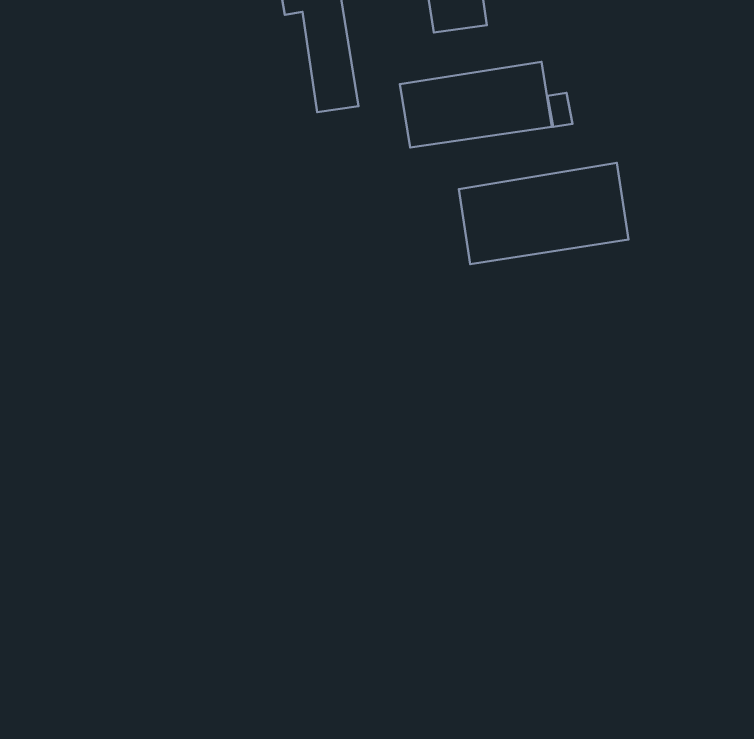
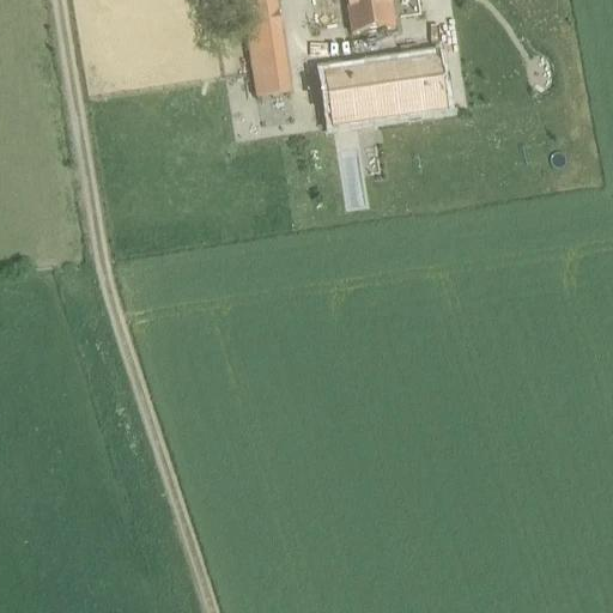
building: [459,163,629,264] -> none

